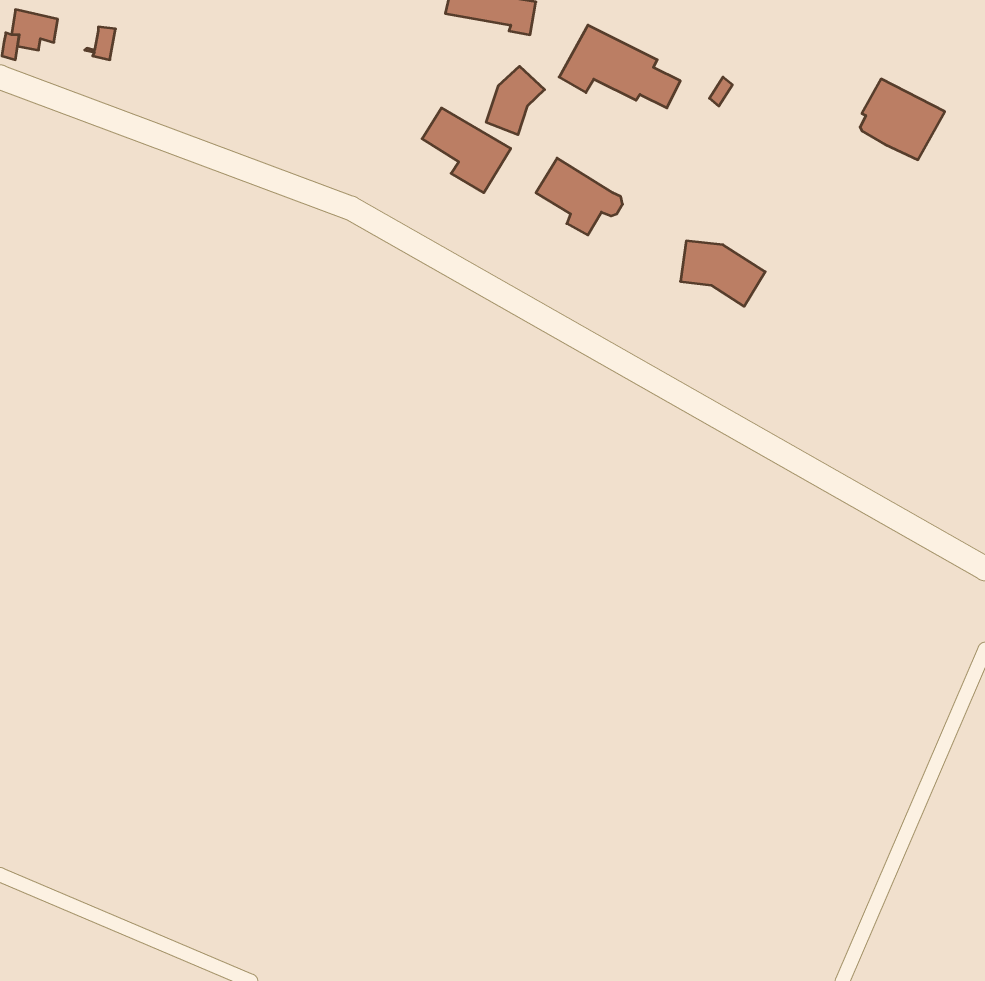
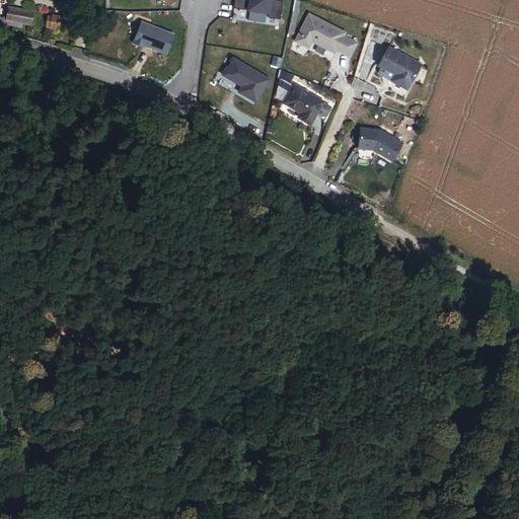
building: none -> [133,20,173,53]
building: [486,66,545,135] -> none
building: [860,79,945,160] -> [377,47,422,89]

